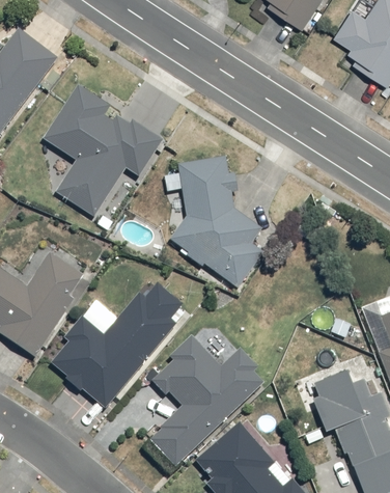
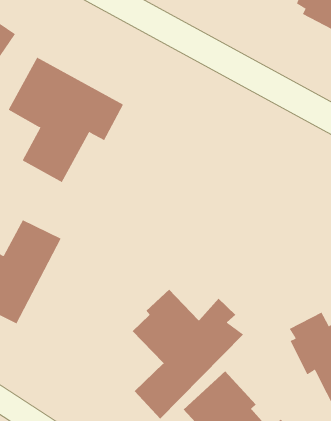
building: [168,157,268,292] -> none
building: [51,281,182,405] -> none

